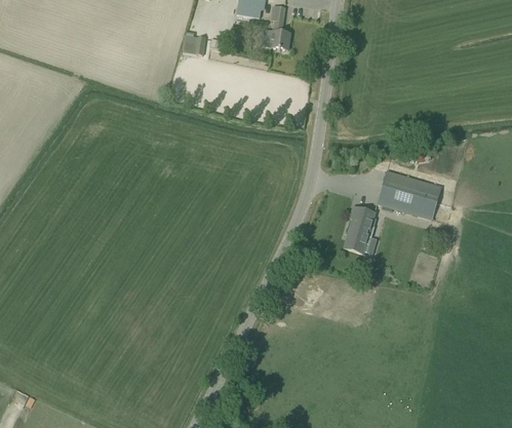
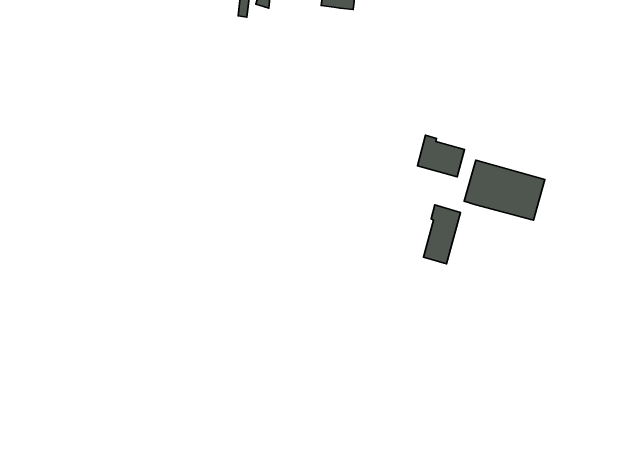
building: none -> [417,135,465,177]

